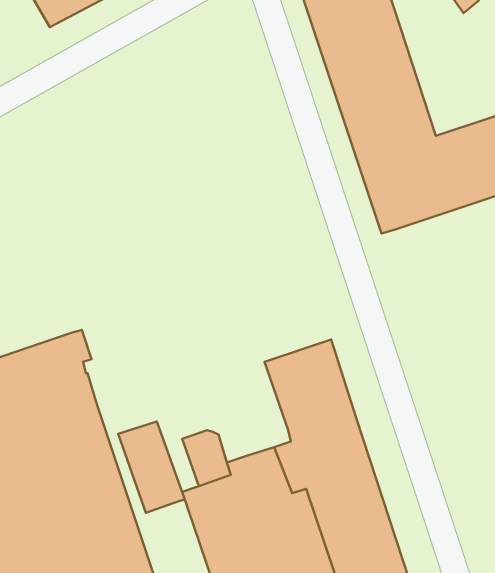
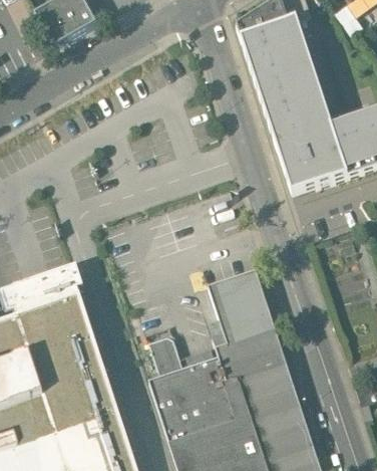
building: [118,421,185,513] -> none

